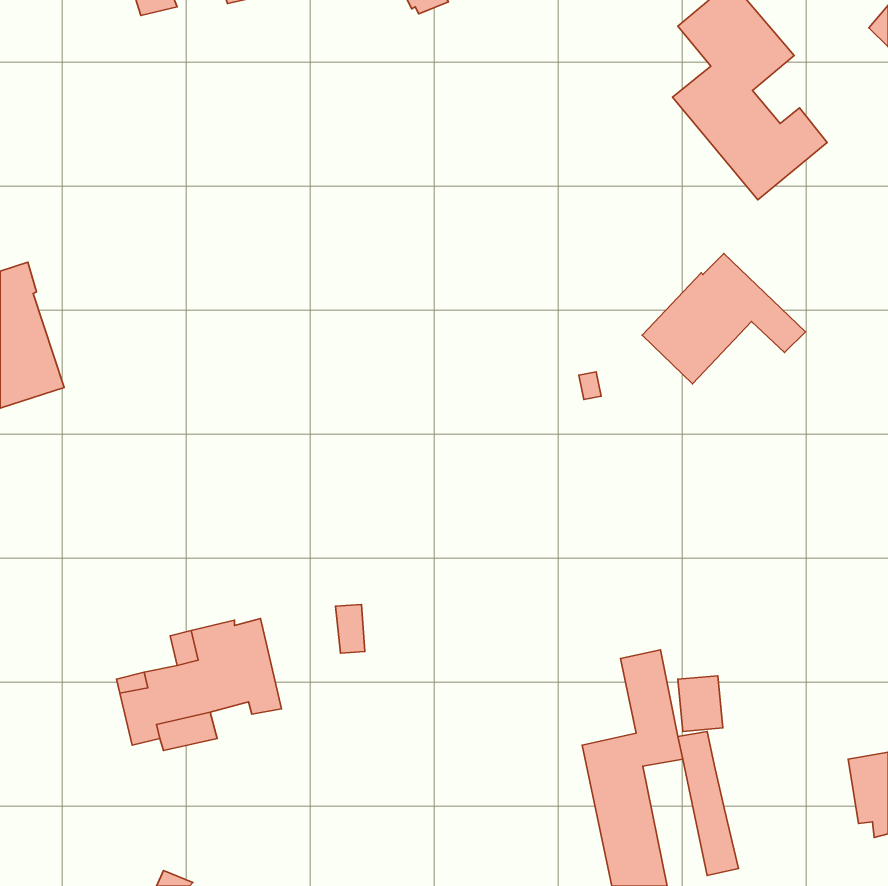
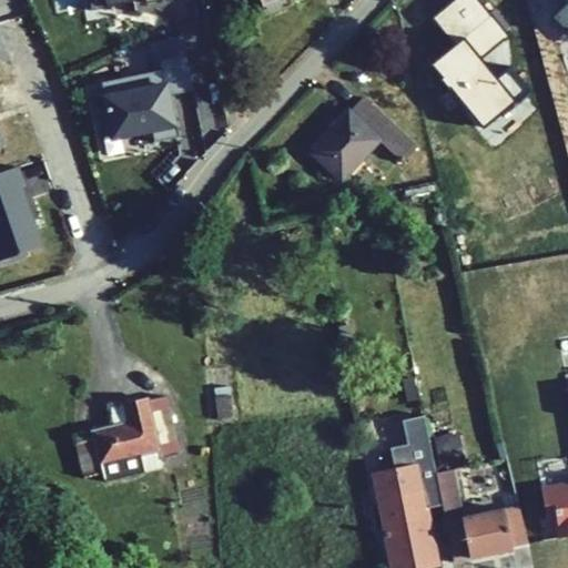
building: none -> [98,54,192,141]
building: [642,254,805,384] -> [311,95,415,179]
building: none -> [463,505,528,555]

